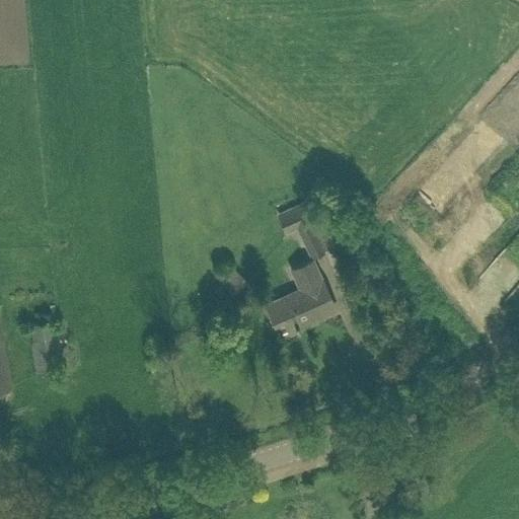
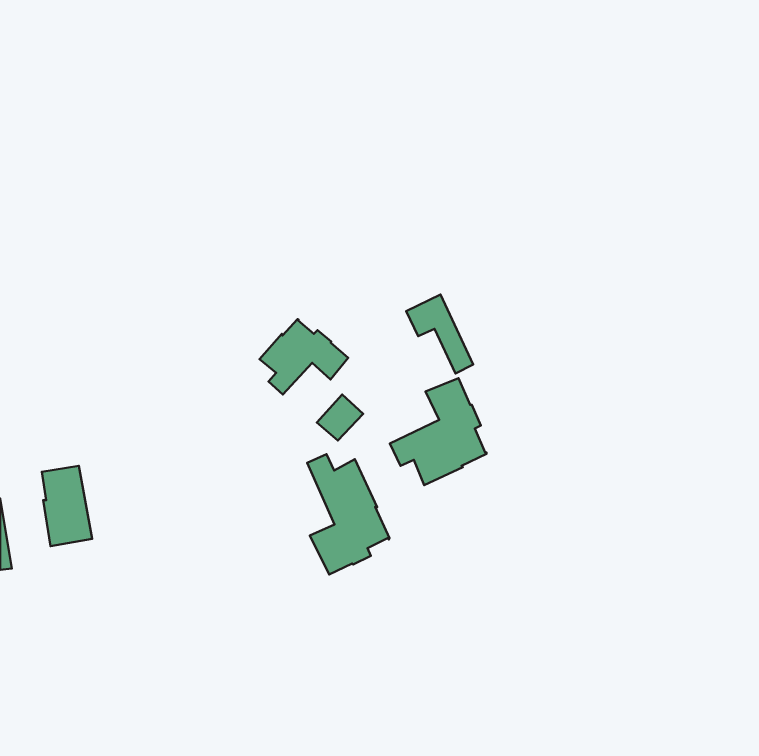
building: none -> [259,319,348,395]
building: none -> [307,454,389,574]

